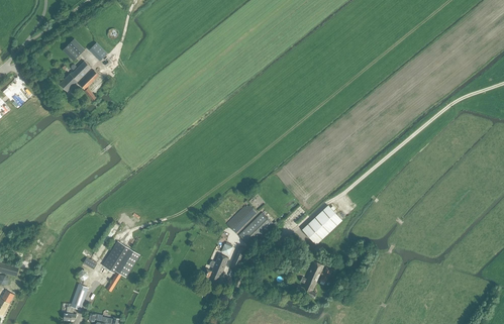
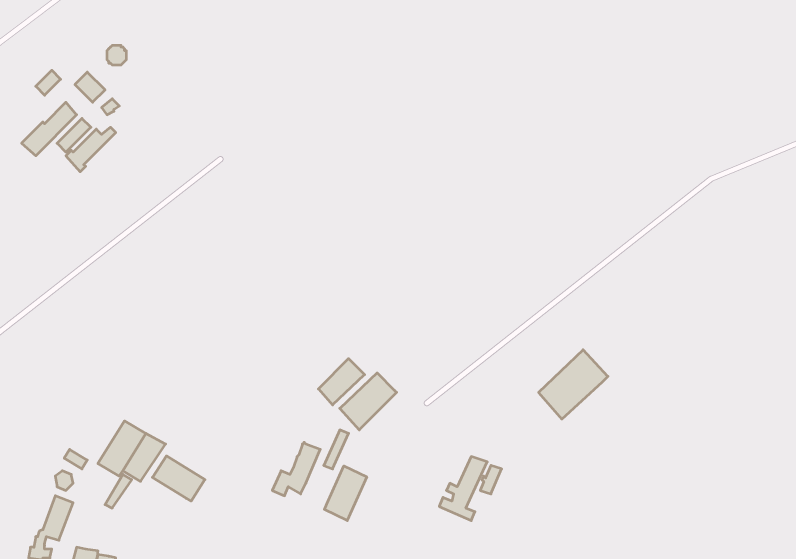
building: [302,205,341,244] -> [539,350,608,419]
building: none -> [152,456,205,501]
building: none -> [324,466,367,521]

